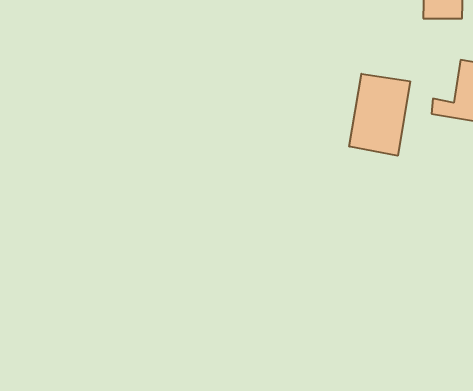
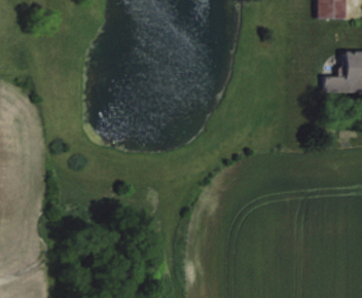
building: [349,74,410,156] -> none

